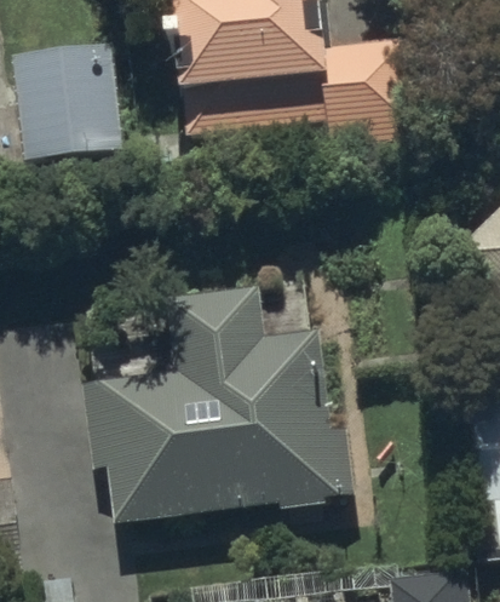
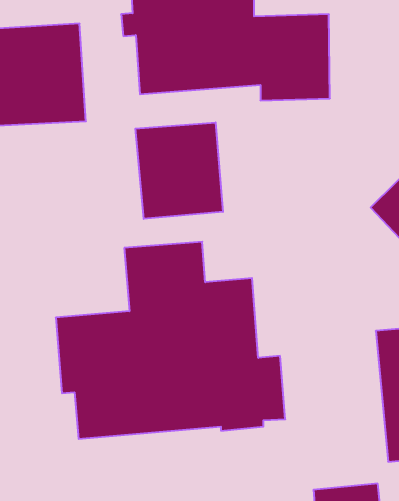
building: none -> [135,122,223,219]

